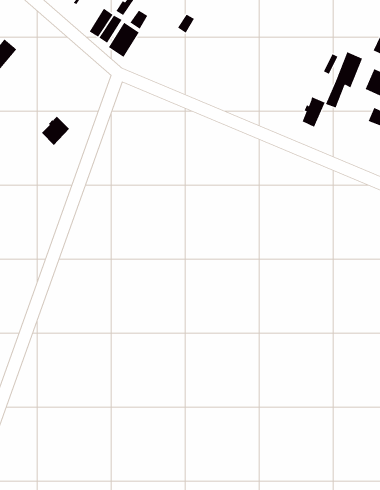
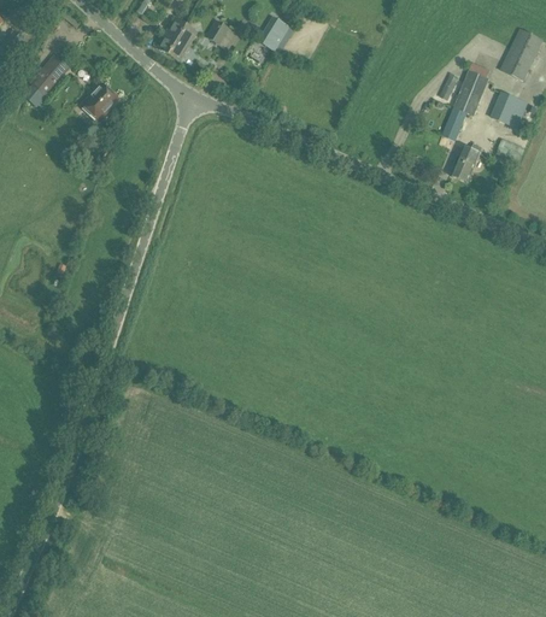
building: [108,22,140,58] -> none
building: [302,97,326,127] -> [452,145,481,182]
building: [41,116,70,146] -> [82,83,117,119]

